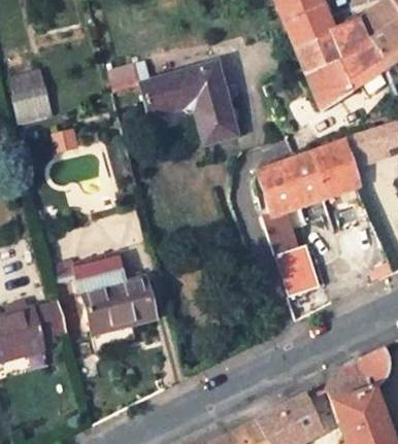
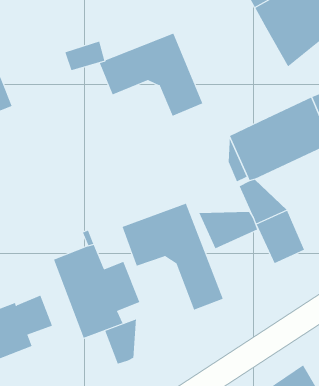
building: none -> [122,203,223,310]
building: none -> [199,211,258,249]
building: none -> [105,318,136,364]

